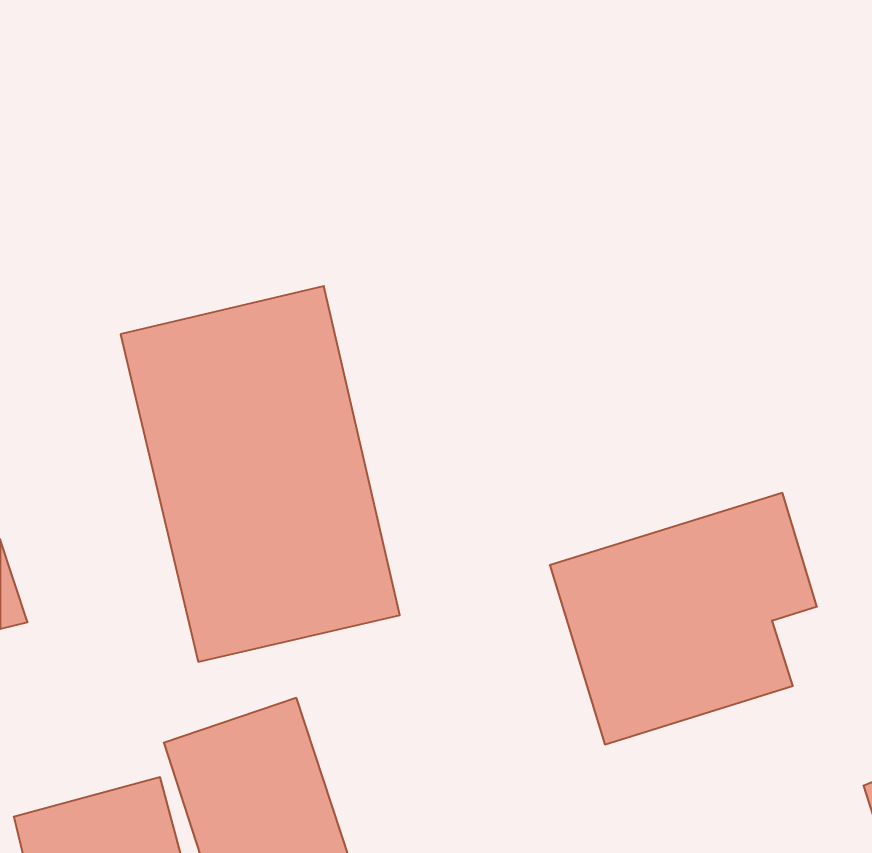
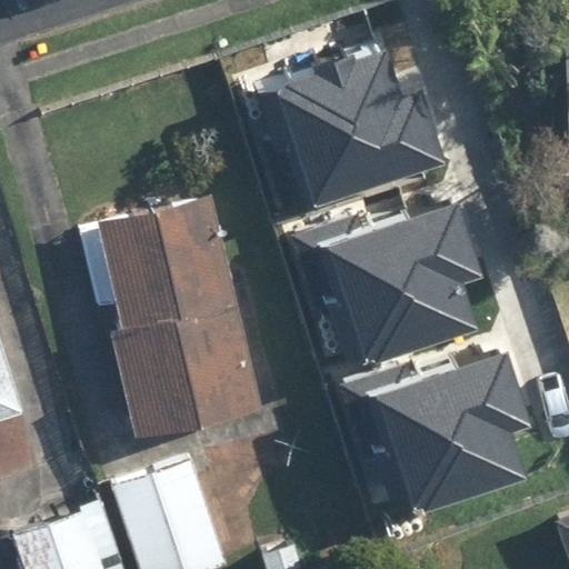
building: none -> [258,39,443,191]
building: none -> [318,188,490,349]

